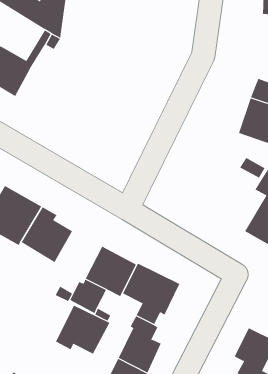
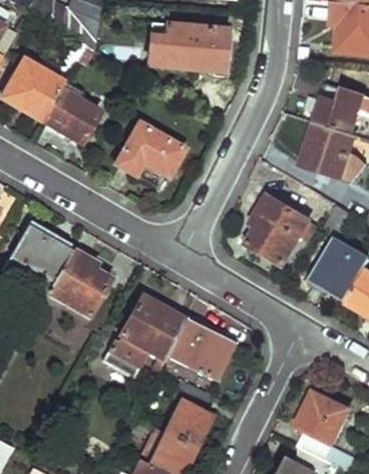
building: none -> [147,22,227,70]
building: none -> [40,86,98,142]
building: none -> [114,124,182,178]
building: none -> [247,194,309,262]
building: [55,305,110,355] -> none

